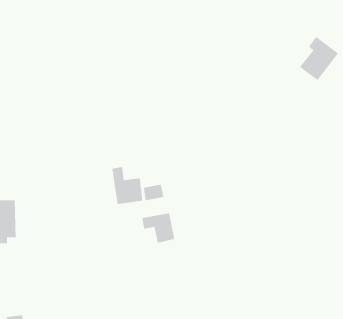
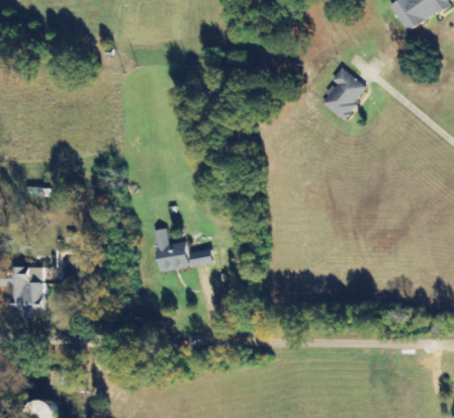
building: [299,36,339,81] -> [322,67,367,118]
building: [142,213,175,243] -> none

